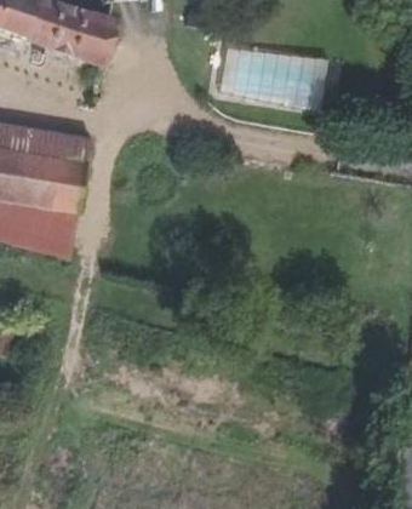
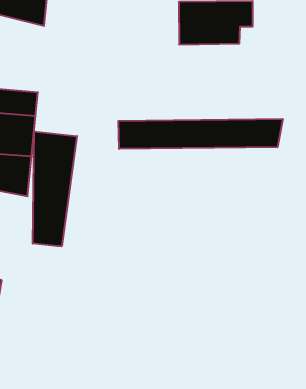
building: none -> [118,119,283,149]
building: none -> [33,132,77,246]

